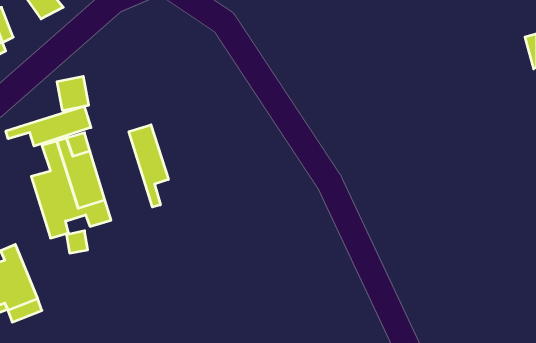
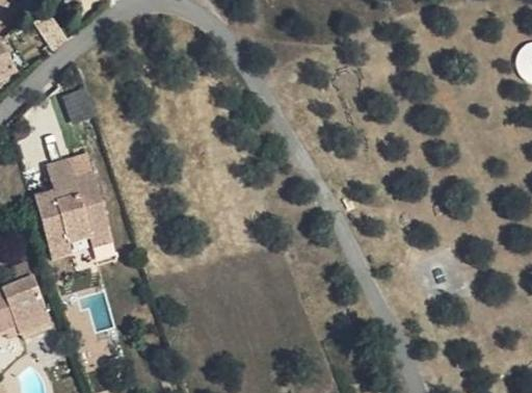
building: [6,106,91,146] -> none
building: [129,125,168,207] -> none

